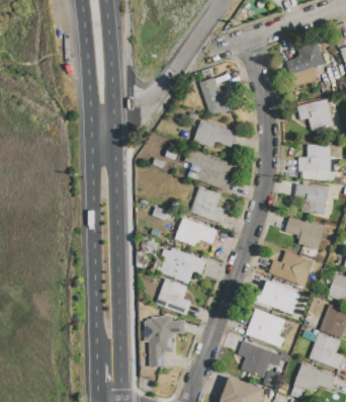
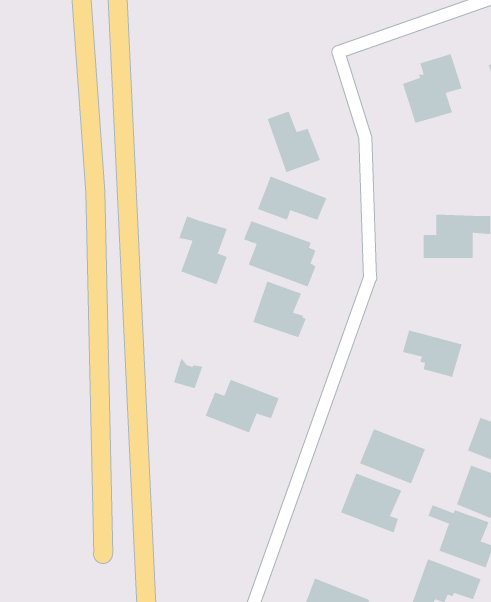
building: [297,99,334,131] -> none
building: none -> [179,216,227,285]
building: [293,183,328,215] -> none
building: [175,218,218,246] -> none
building: [268,250,315,287] -> none
building: [156,278,190,315] -> none
building: [144,317,185,367] -> none
building: [237,340,281,379] -> none

